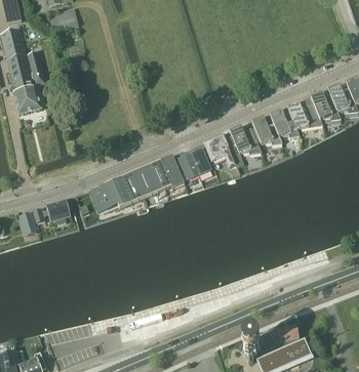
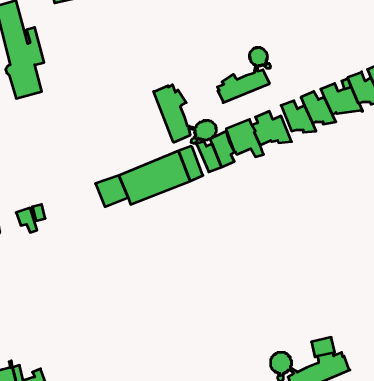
building: none -> [217,47,270,103]
building: none -> [154,85,216,143]
building: [46,199,71,223] -> none

